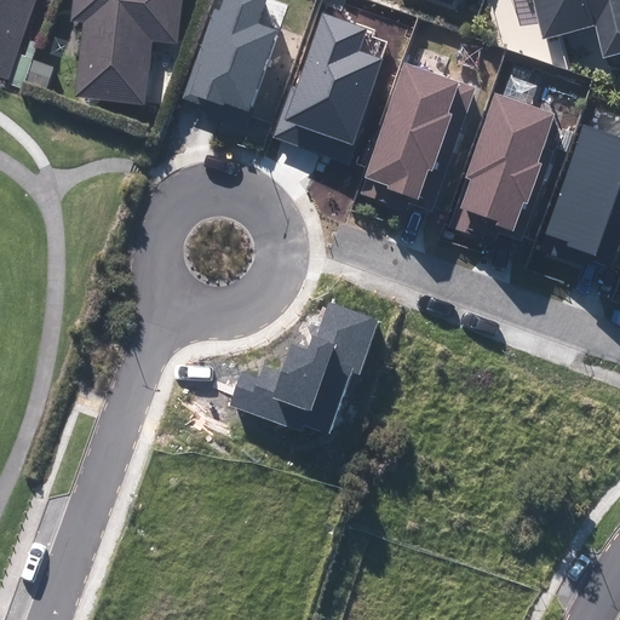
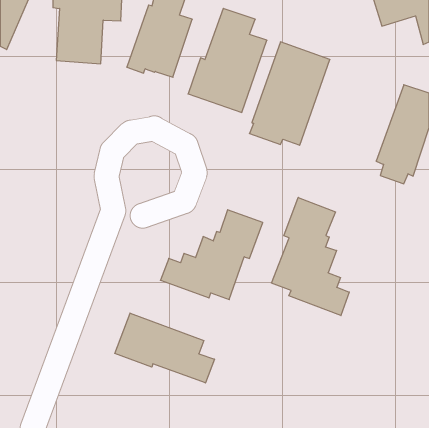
building: [448,91,556,242] -> none
building: none -> [271,197,349,316]
building: none -> [115,313,214,383]

